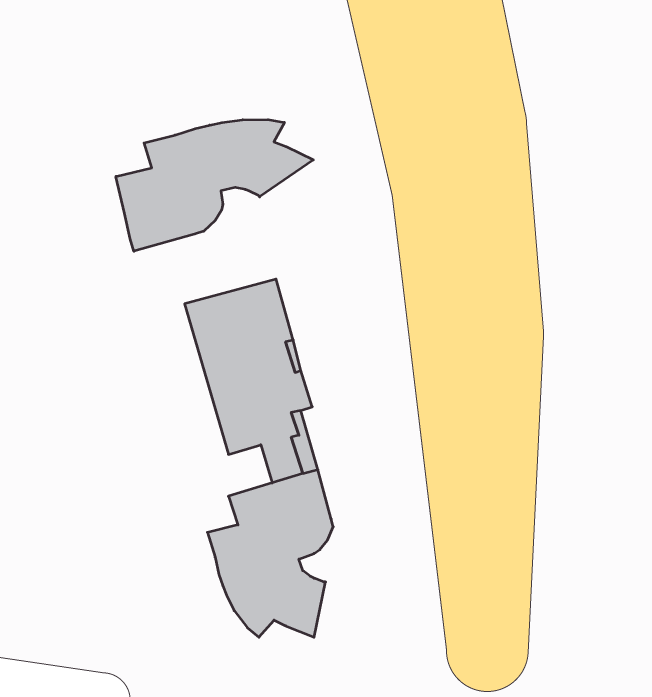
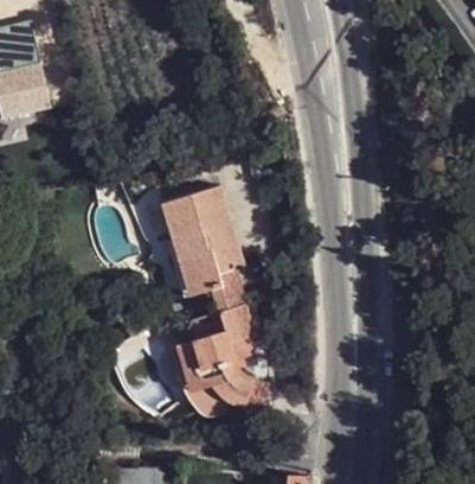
building: [116,120,313,251] -> none

